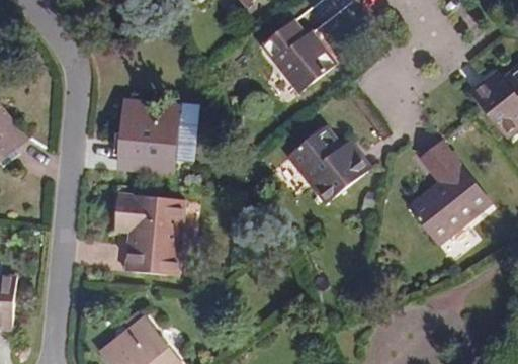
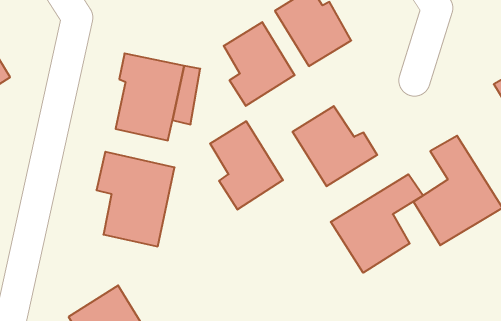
building: none -> [224,22,295,106]
building: none -> [210,121,283,210]
building: none -> [331,174,423,273]

